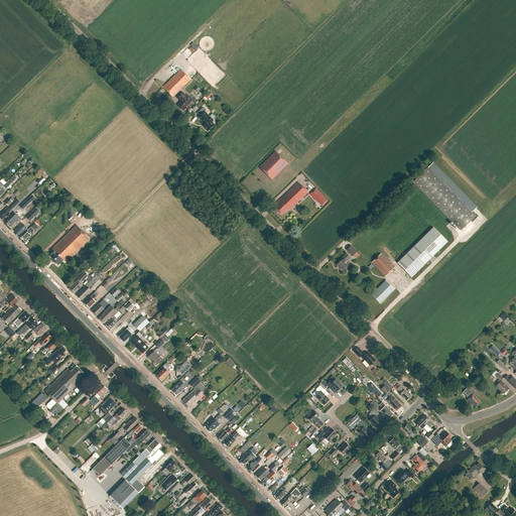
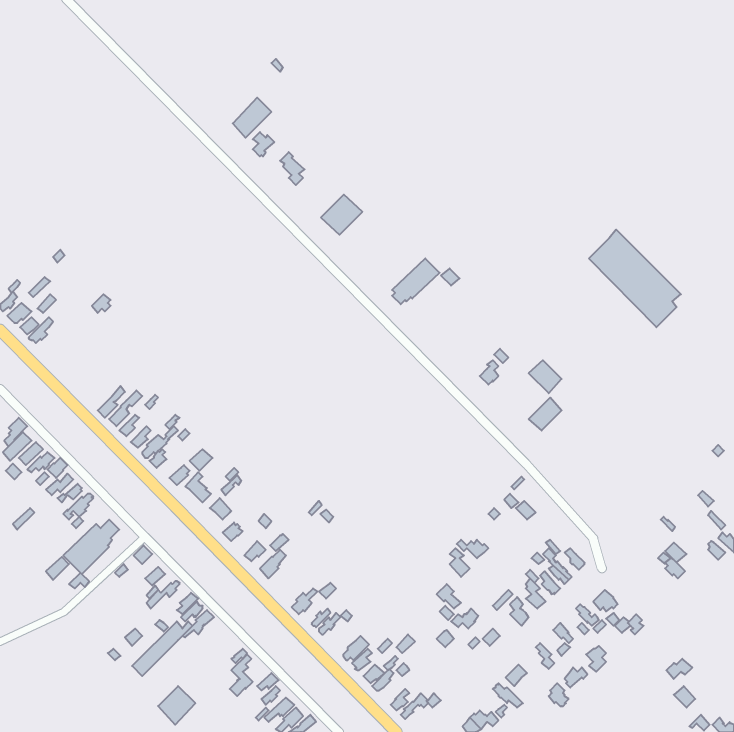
building: [259,150,288,178] -> [321,195,362,235]
building: [49,225,90,265] -> none
building: [397,227,447,276] -> none
building: [125,437,163,493] -> none

